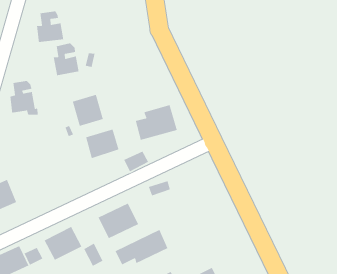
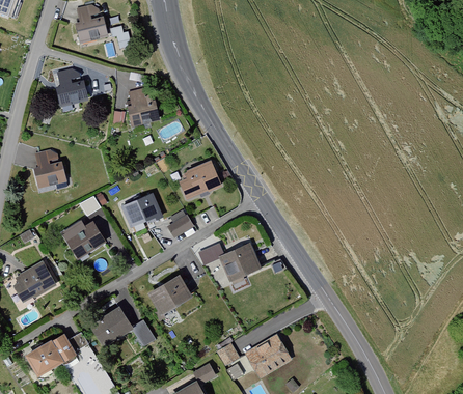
building: [53,43,80,76] -> [128,88,159,126]
building: [72,94,104,127] -> none
building: none -> [64,218,107,257]
building: none -> [220,245,262,283]
building: [114,229,169,266] -> none

